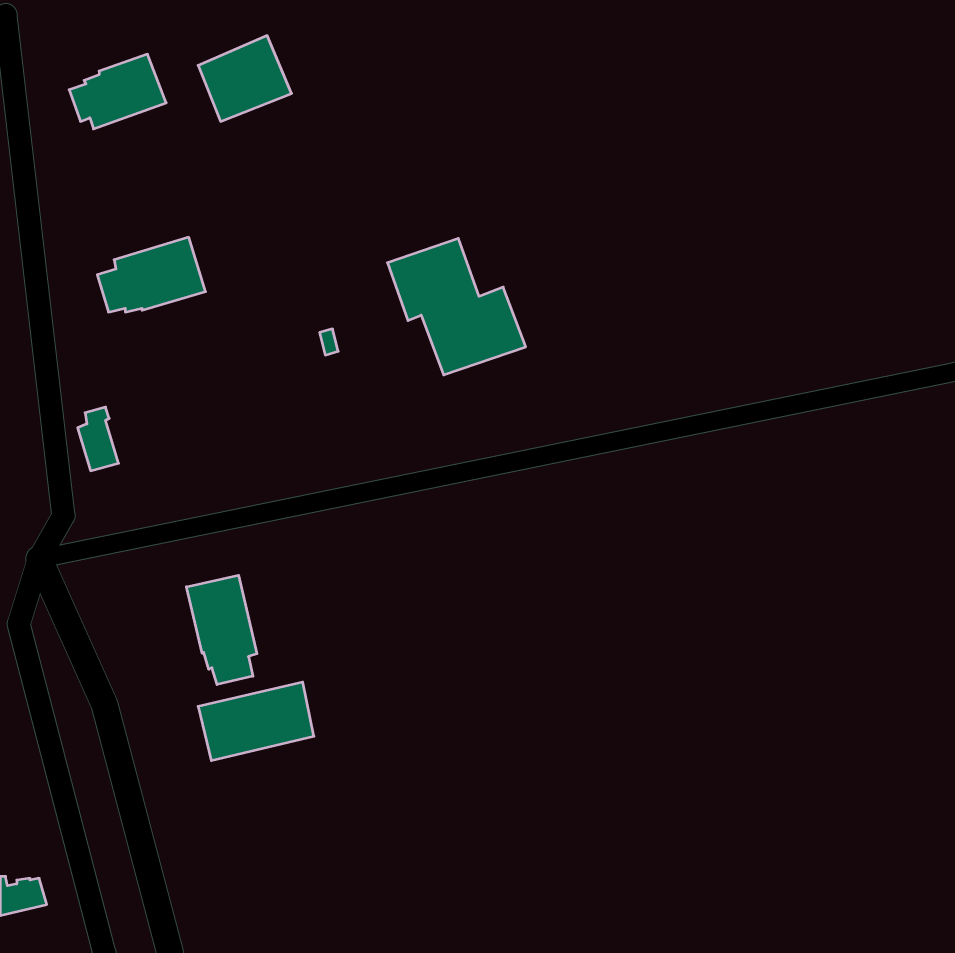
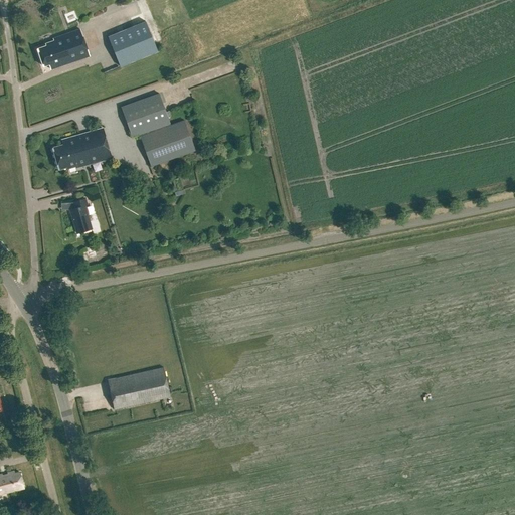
building: [387,238,526,375] -> [120,92,194,165]
building: [78,407,119,471] -> [69,198,92,232]
building: [186,575,257,685] -> none

